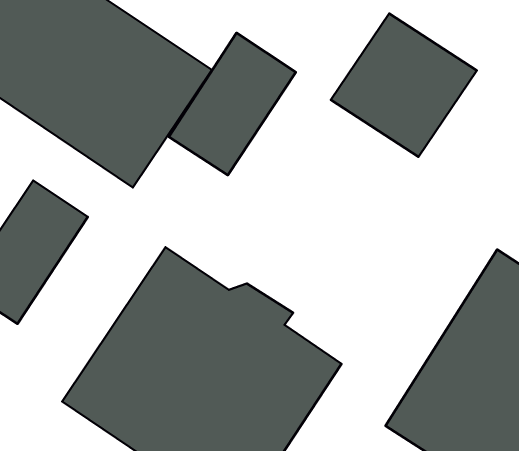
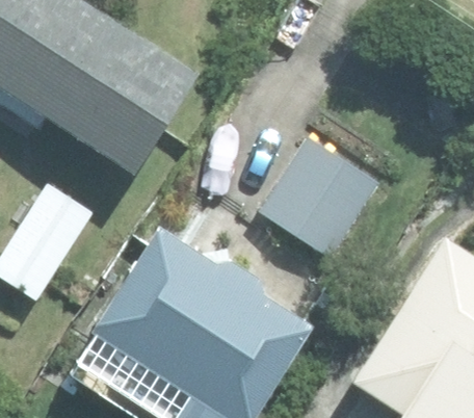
building: [331,14,477,157] -> [256,130,380,253]
building: [169,33,296,175] -> none

